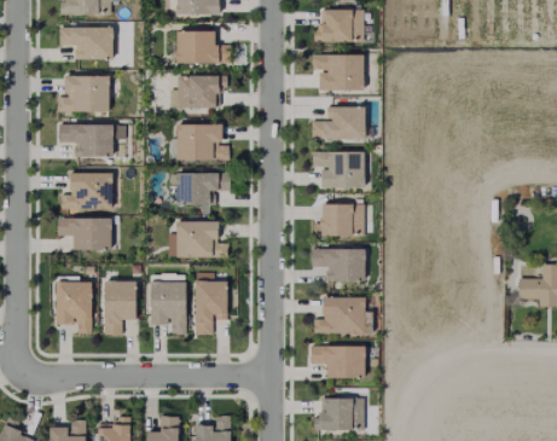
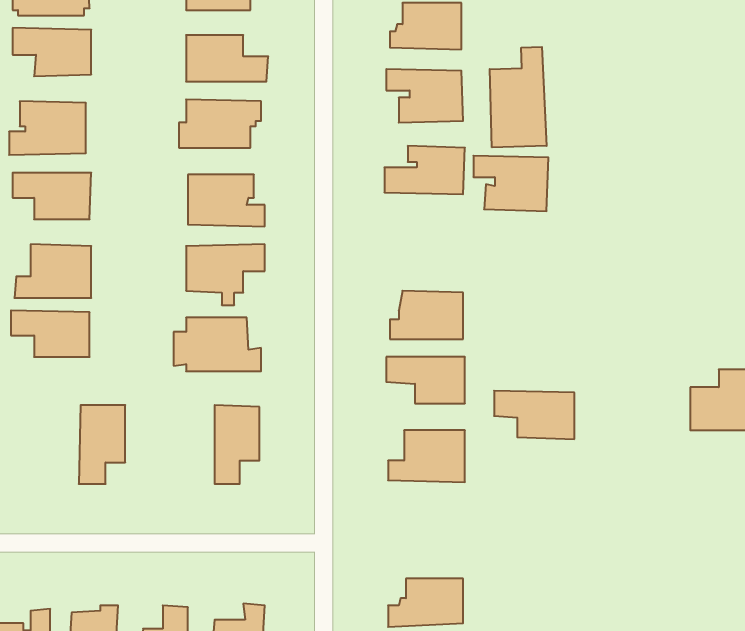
building: none -> [490,47,547,147]
building: [312,151,362,188] -> [473,156,548,211]
building: [56,282,91,335] -> none
building: [150,282,184,335] -> none
building: [309,346,364,378] -> [494,391,574,439]

